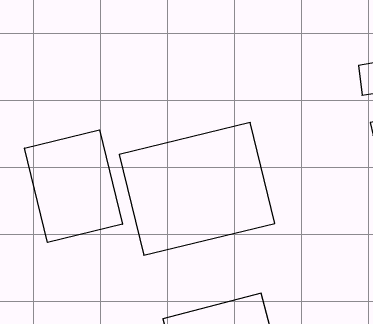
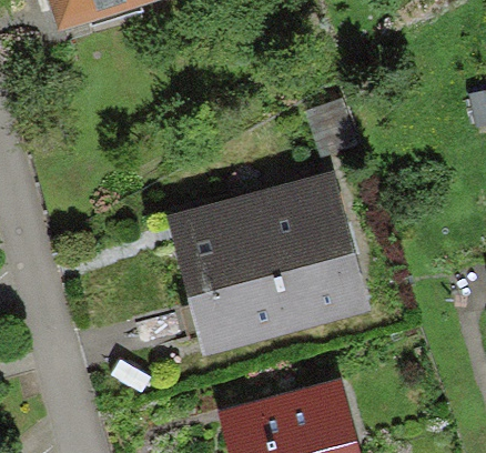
building: [25,130,122,242] -> none

